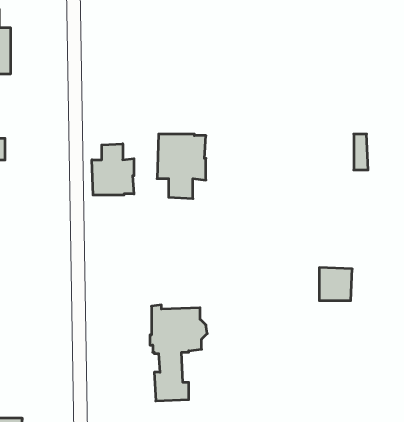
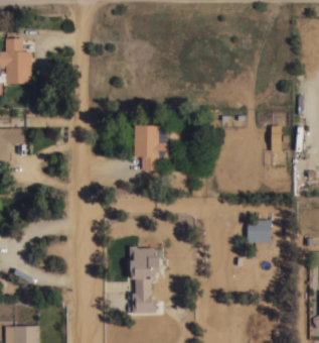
building: [92,144,134,195] -> none

